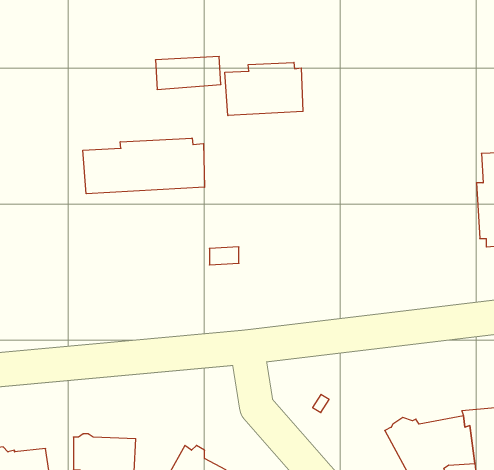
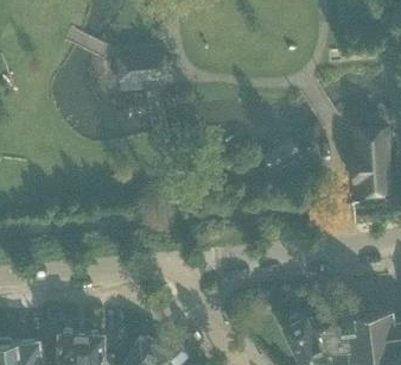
building: [225,62,303,116] -> none
building: [83,138,205,194] -> none

